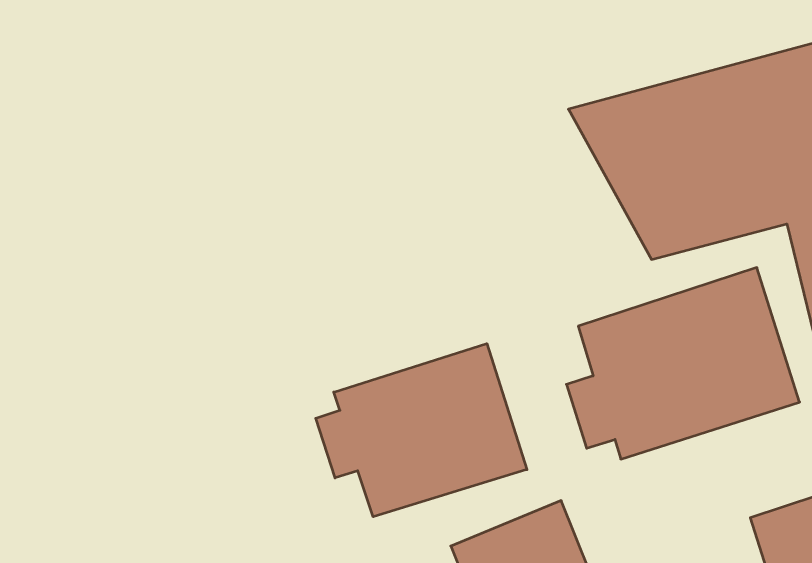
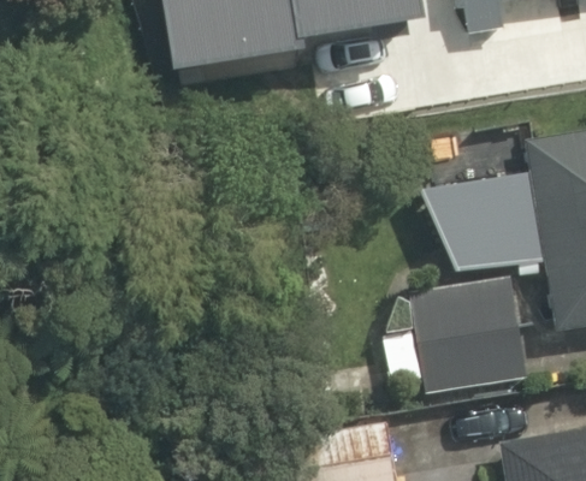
building: [316,344,527,517] -> none

